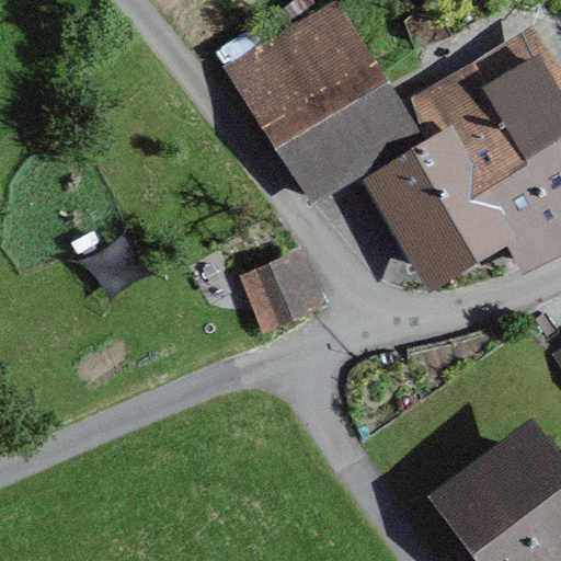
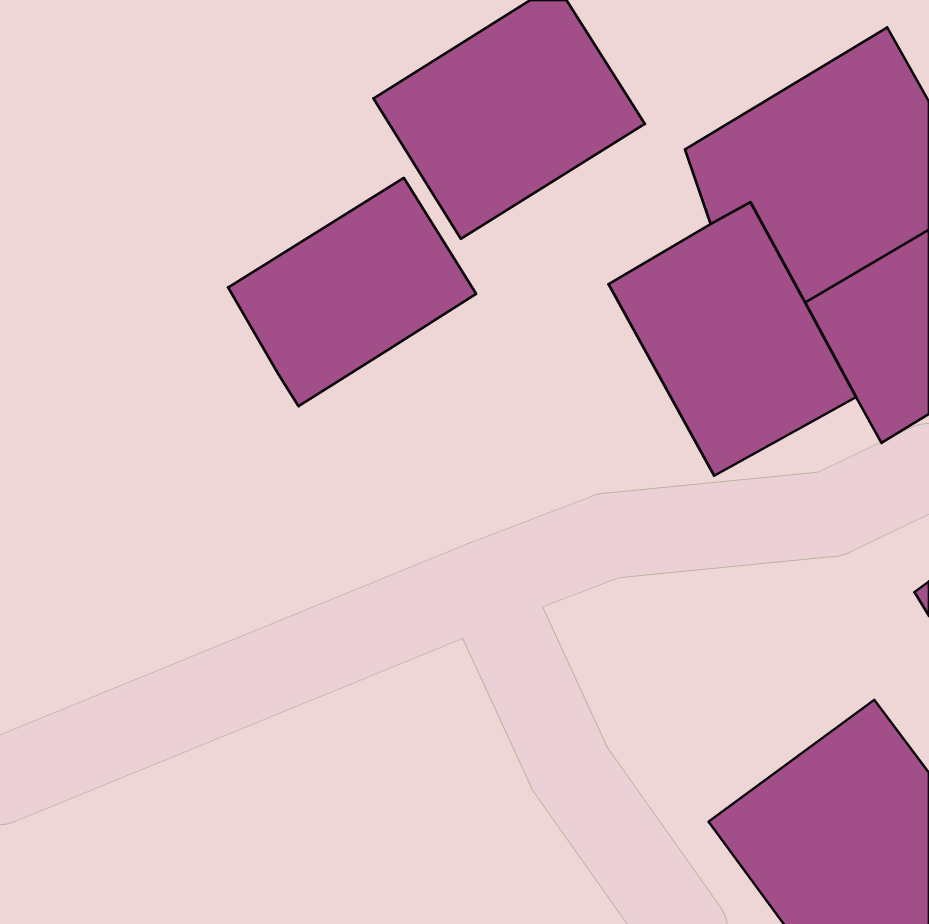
building: [277,79,425,207] -> none
building: none -> [228,178,476,406]
building: [241,248,328,334] -> none

